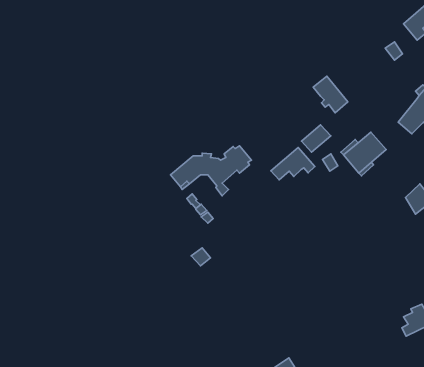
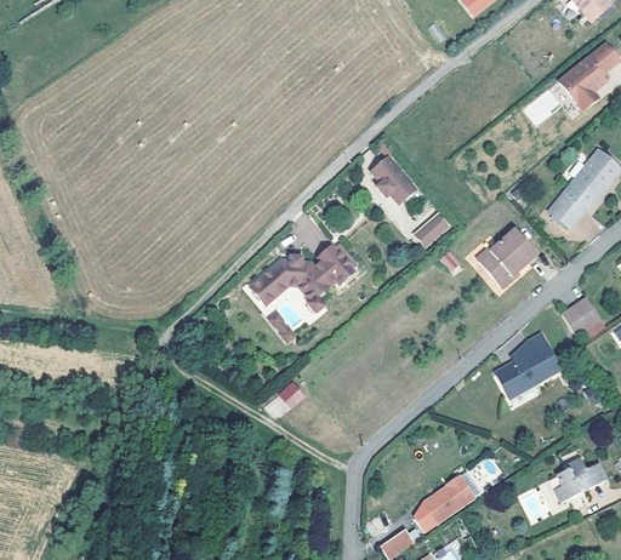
building: [313,76,348,113] -> [370,159,416,207]
building: [271,148,315,180] -> none
building: none -> [494,335,556,396]
building: none -> [415,472,479,531]

